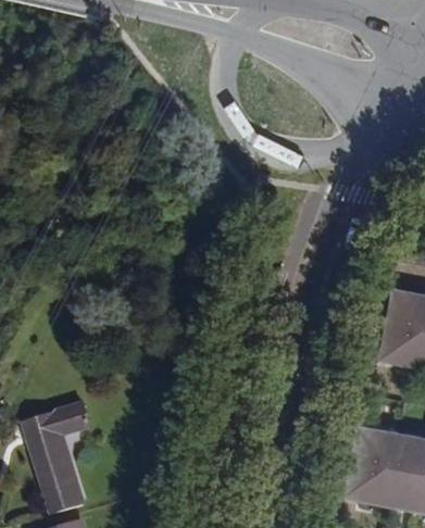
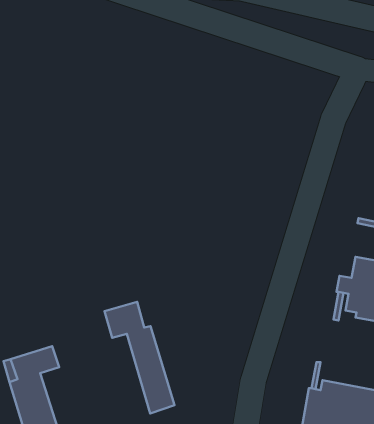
building: none -> [105,302,174,413]

